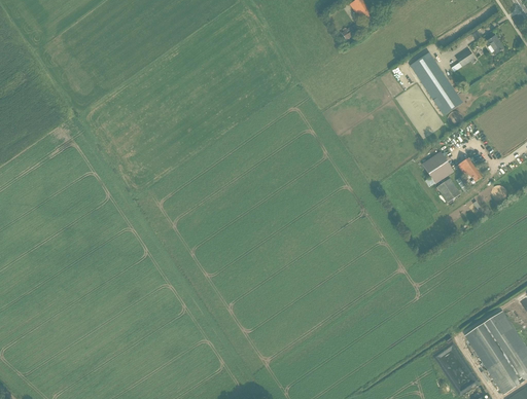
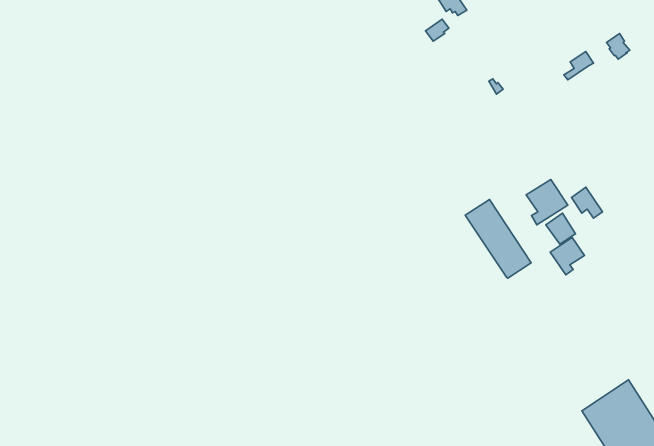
building: [410,51,462,114] -> [465,200,531,278]
building: none -> [550,237,585,275]

